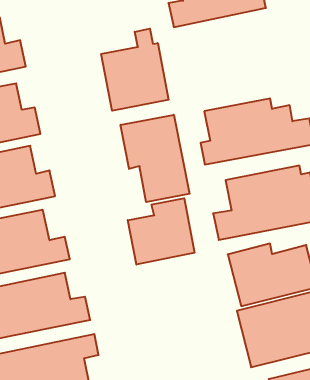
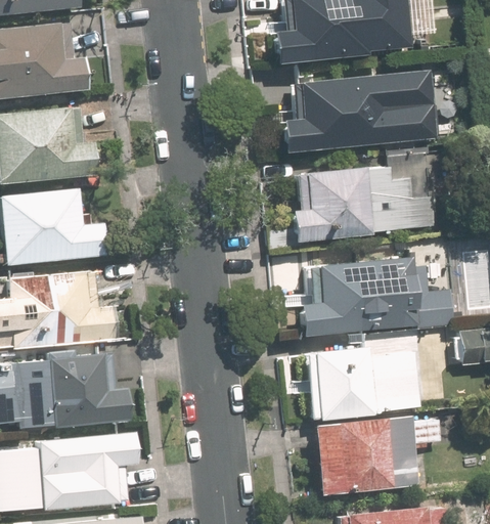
building: none -> [280,71,433,149]
building: [101,29,169,111] -> none
building: [121,115,190,202] -> none
building: [128,198,195,265] -> none

